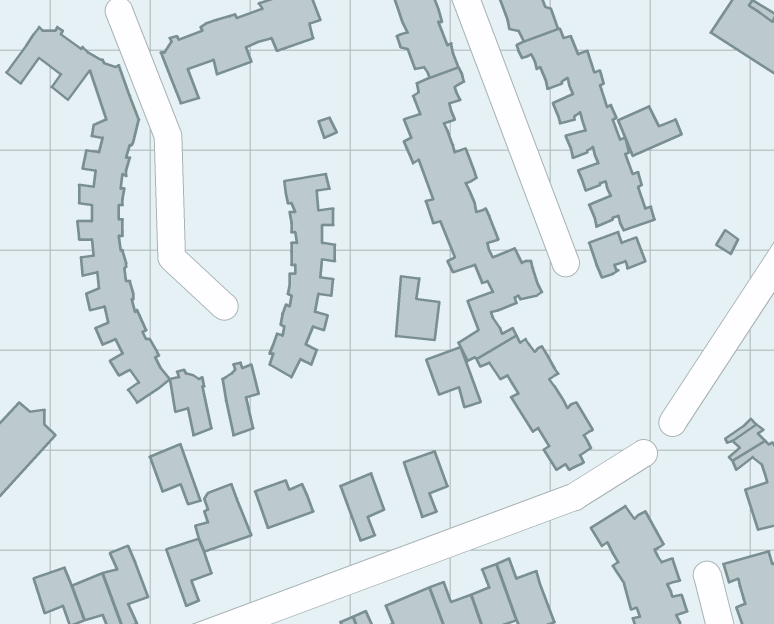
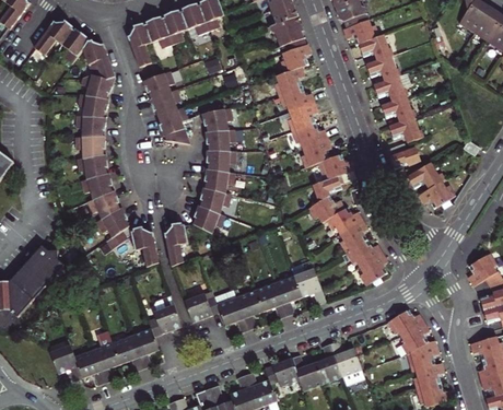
building: [618,106,681,156] -> none
building: none -> [143,70,190,143]
building: none -> [406,161,456,210]
building: [396,276,439,340] -> none
building: [426,347,481,407] -> [293,268,326,304]
building: [150,444,201,504] -> [113,335,143,371]
building: none -> [255,282,285,318]
building: none -> [213,289,248,331]

